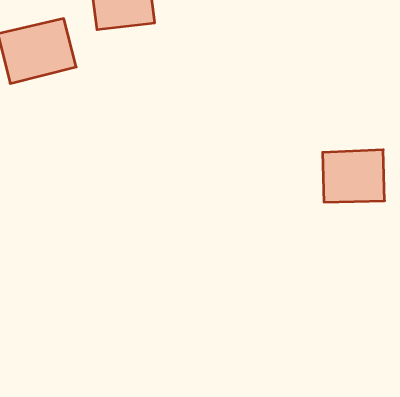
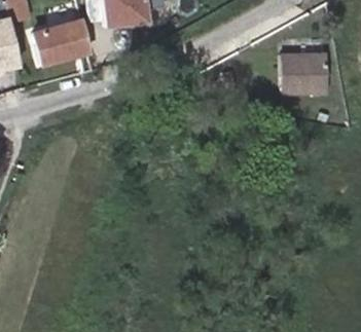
building: [323,150,385,202] -> [281,51,327,90]

